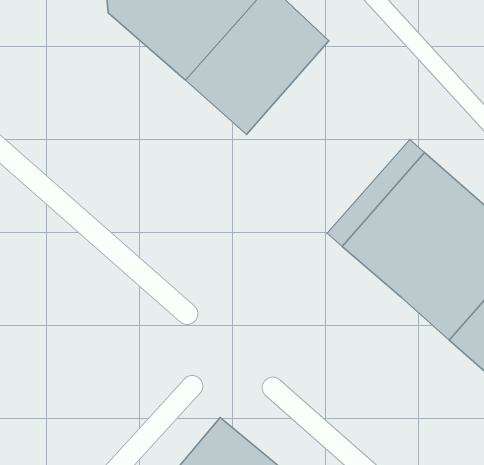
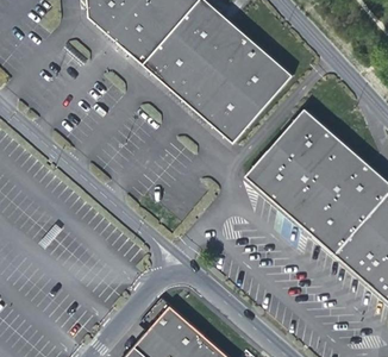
building: none -> [187,35,290,142]

